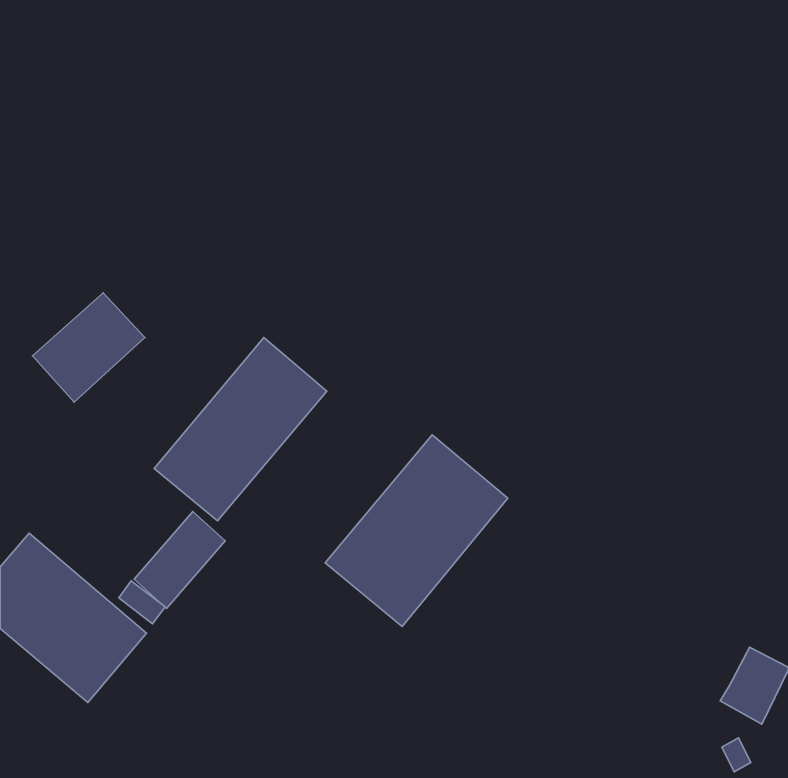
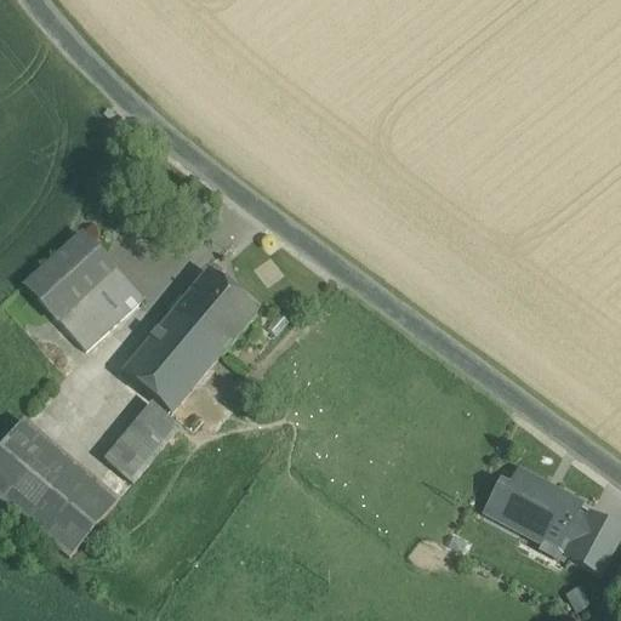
building: none -> [58,266,142,347]
building: [325,435,508,626] -> none
building: none -> [485,468,587,541]

